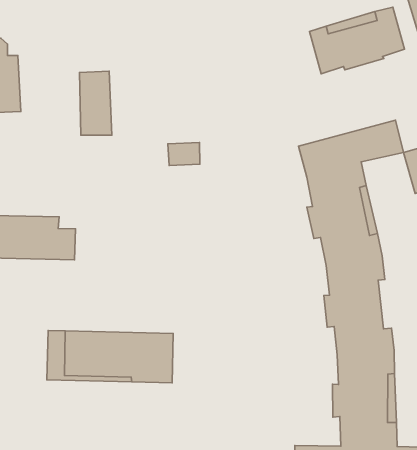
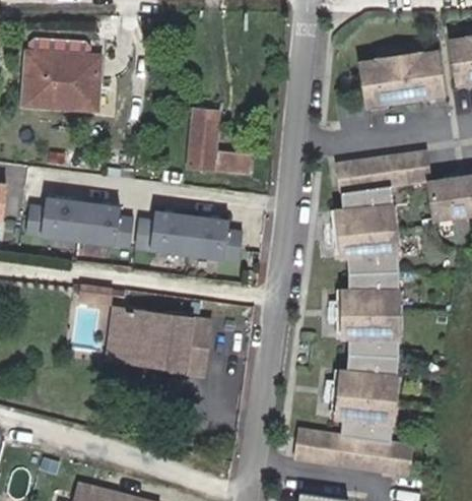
building: [79,71,112,135] -> [186,111,217,170]
building: none -> [133,211,241,261]

